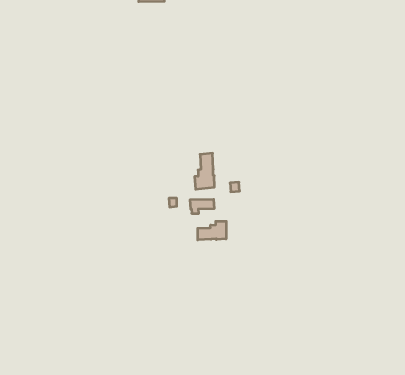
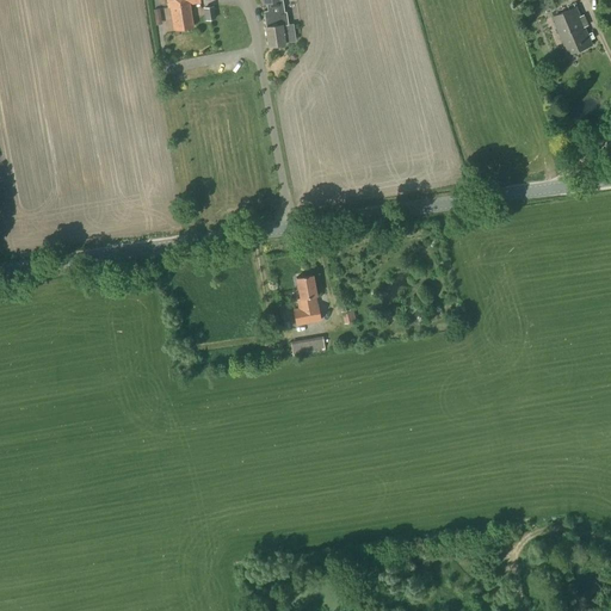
building: [198,221,226,240] -> none

